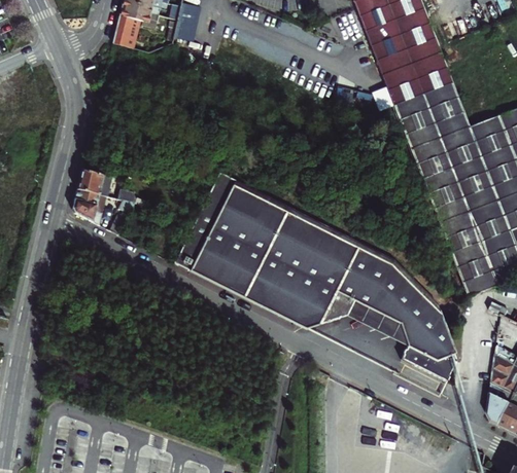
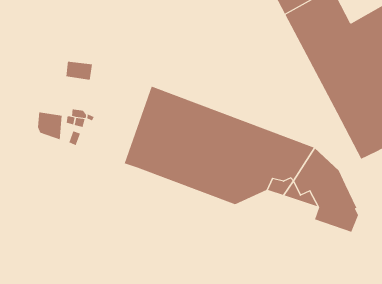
building: [77,169,112,195] -> [66,61,93,80]

